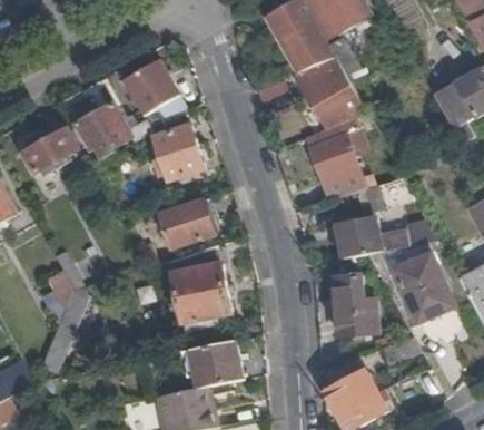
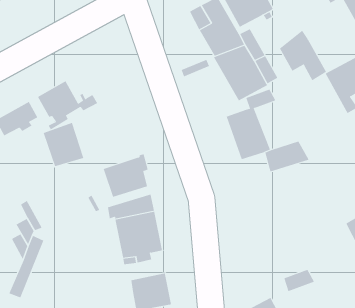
building: none -> [279,30,327,81]
building: [121,59,179,116] -> none
building: [152,124,204,179] -> [43,122,84,167]
building: [335,217,435,258] -> none
building: [394,256,455,326] -> none
building: [335,276,376,336] -> none

